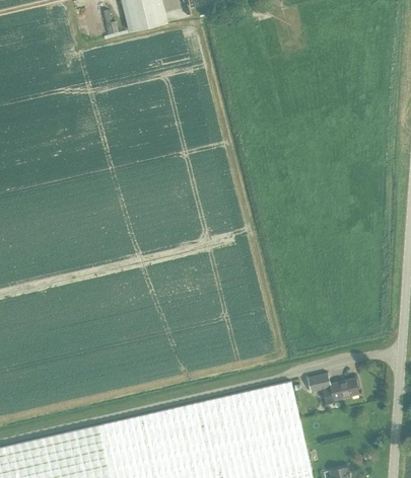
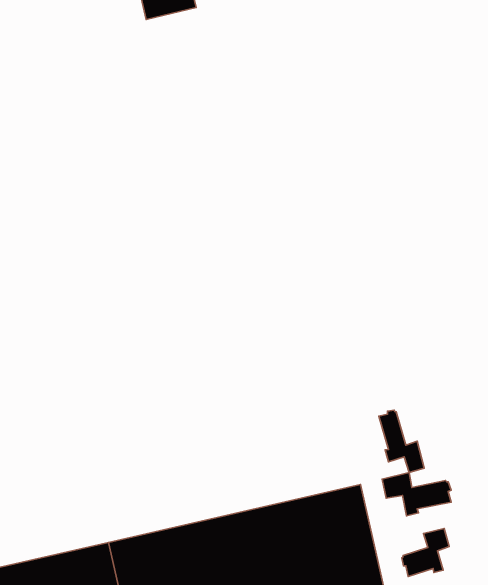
building: none -> [379,410,424,473]
building: none -> [402,528,449,576]

